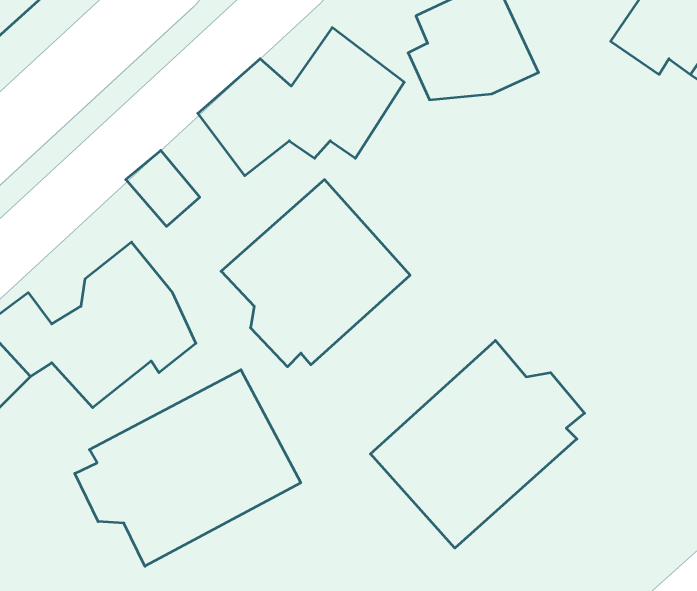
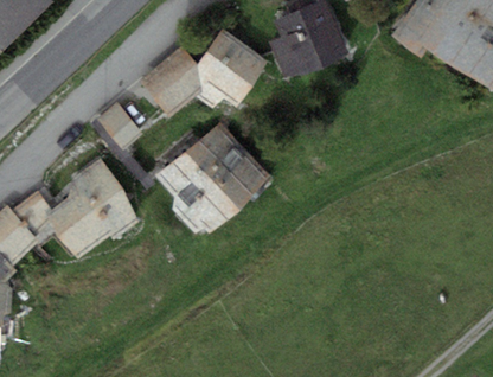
building: [370,340,585,548] -> none
building: [75,370,301,566] -> none

